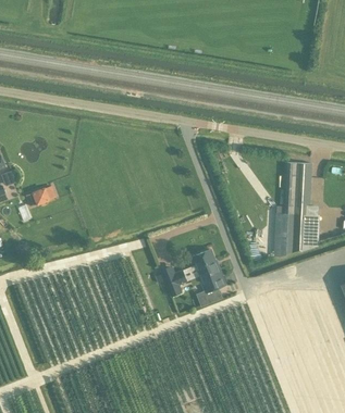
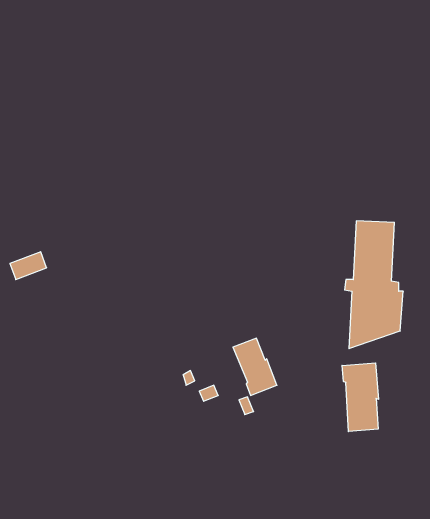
building: none -> [342,363,378,432]

